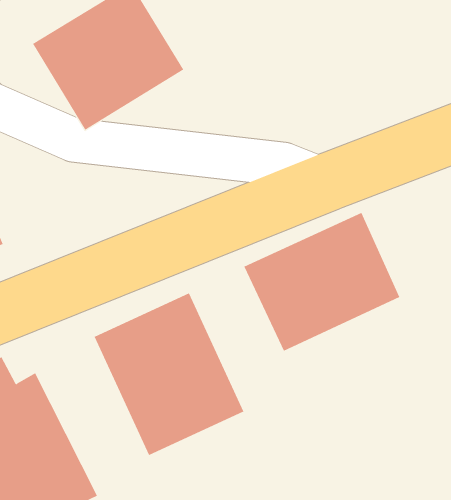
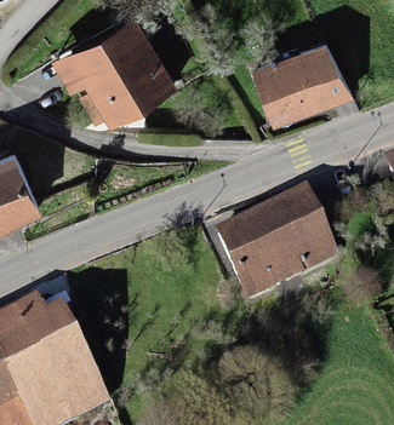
building: none -> [256,42,347,128]
building: [94,293,244,456] -> none

